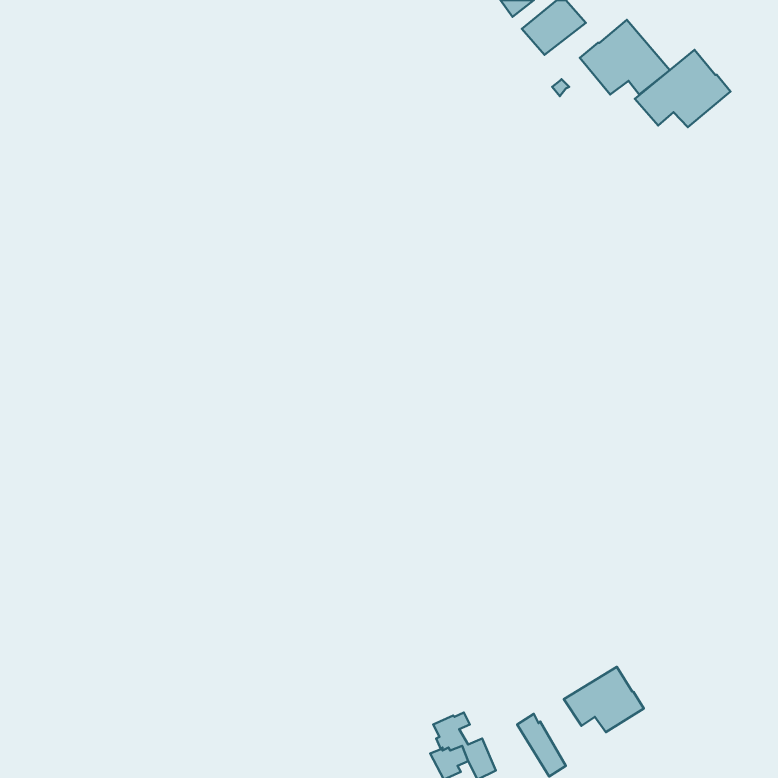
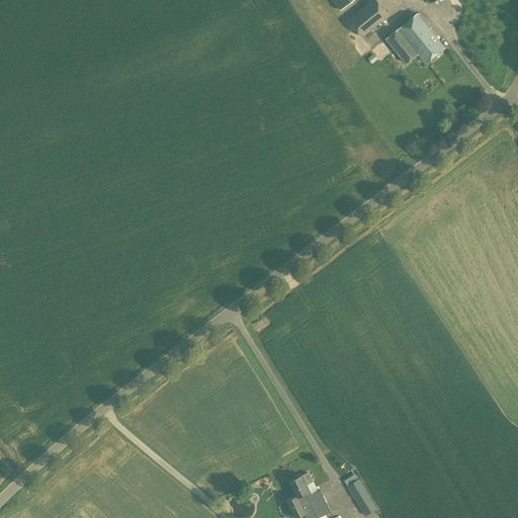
building: [635,50,731,127] -> none
building: [564,667,644,732] -> none

